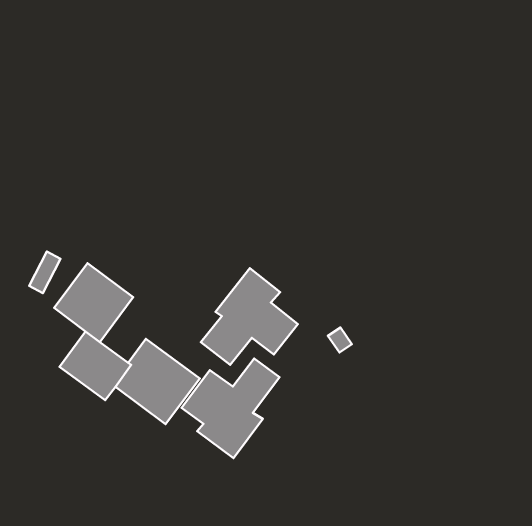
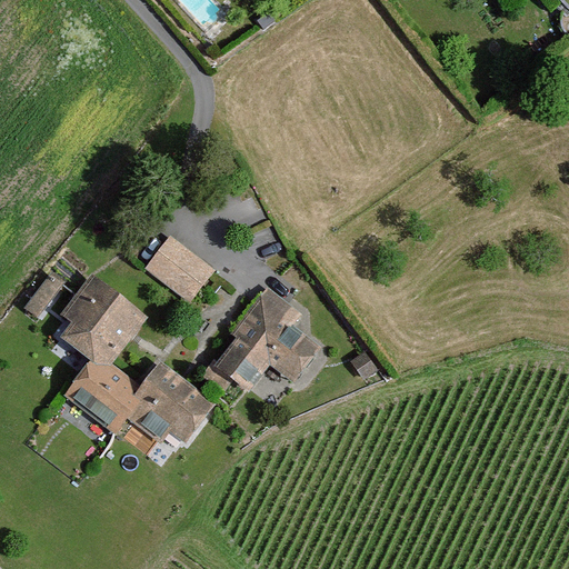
building: none -> [144,238,209,299]
building: [182,359,279,458] -> none

